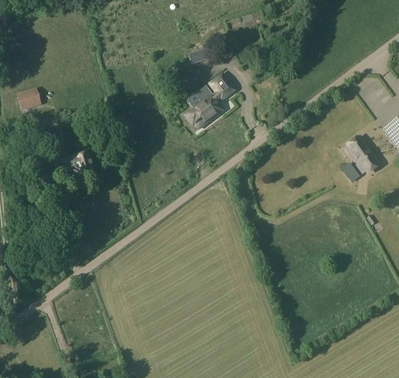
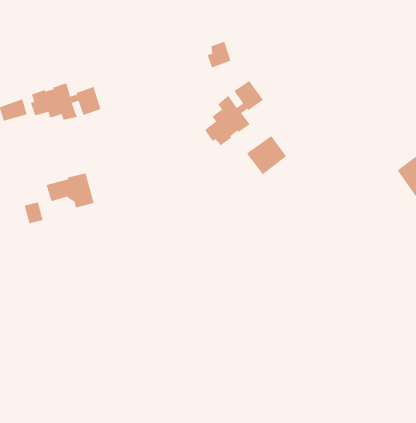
building: none -> [30,82,101,121]
building: none -> [246,135,287,175]

